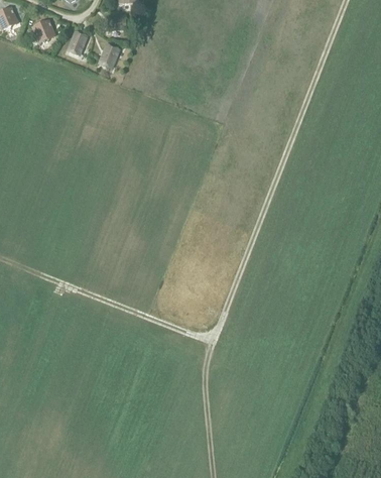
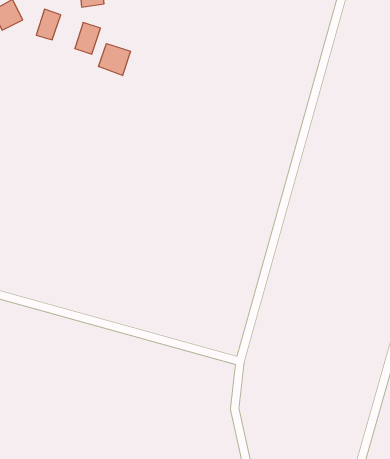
building: none -> [99,44,130,76]

